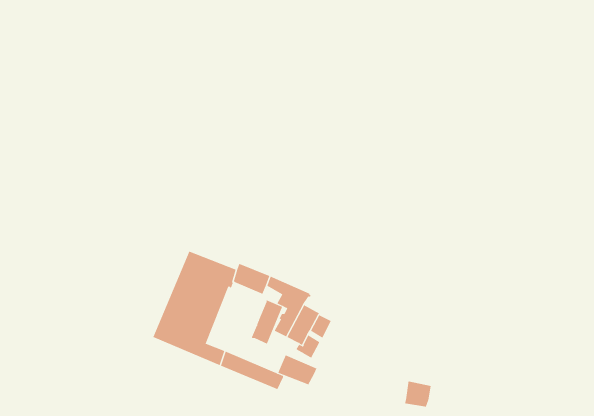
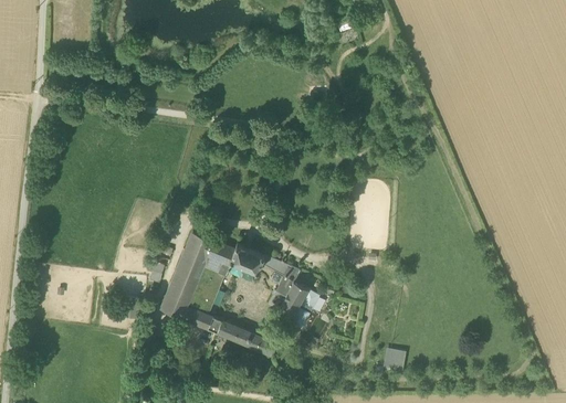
building: [250,300,283,345] -> none
building: [278,355,317,386] -> none

